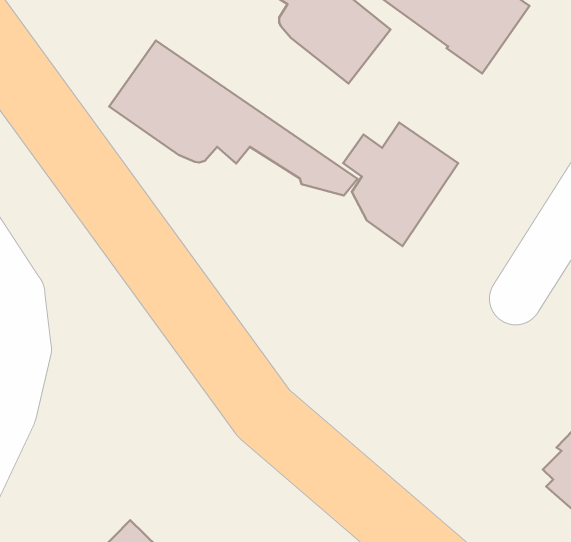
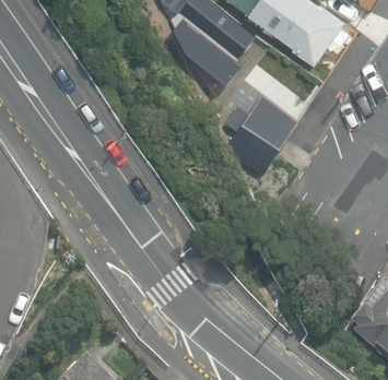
building: [109,41,357,195] -> none

